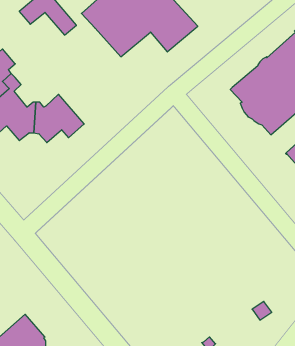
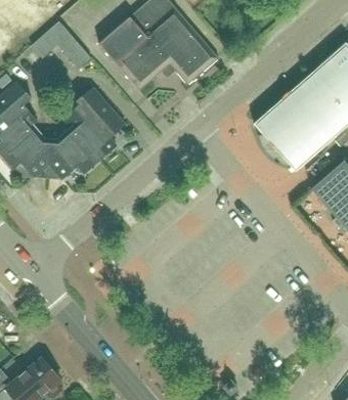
building: none -> [64,87,126,160]

